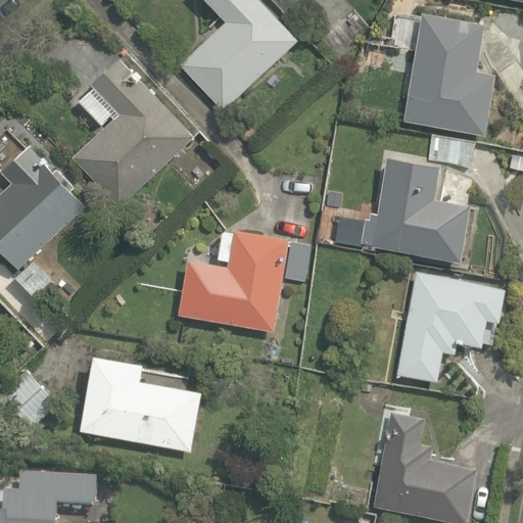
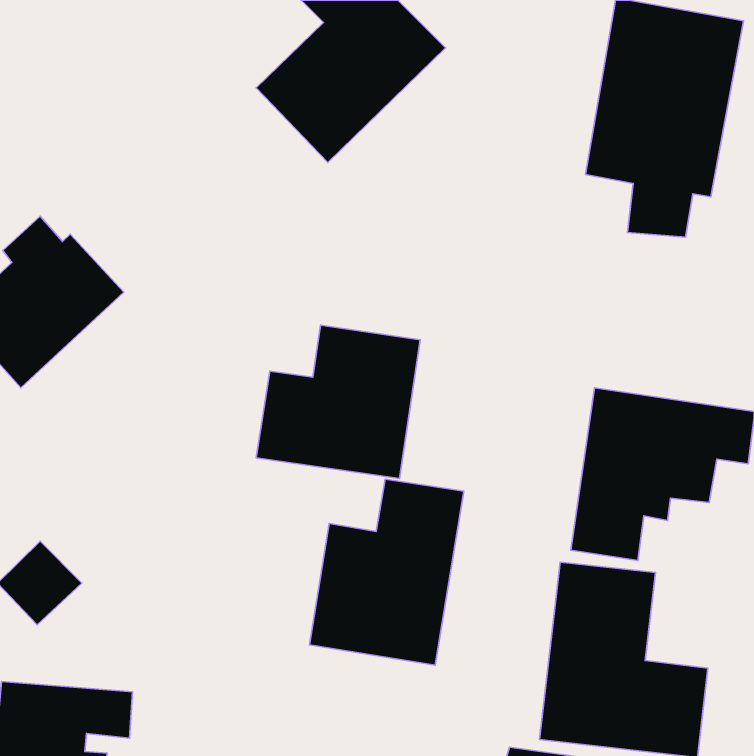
building: [74,50,200,208] -> none
building: [316,157,476,263] -> none
building: none -> [309,479,464,665]
building: [80,355,202,451] -> none

